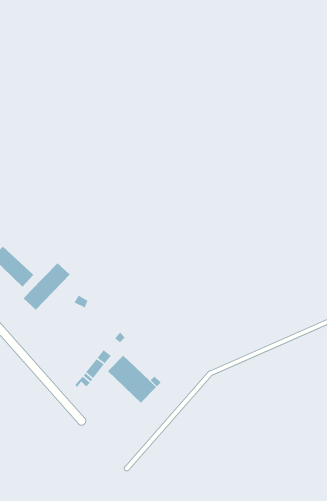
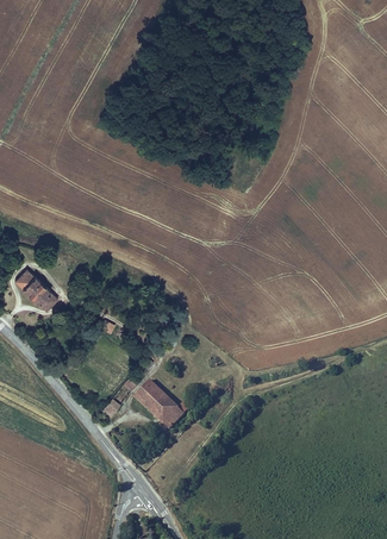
building: [23,262,71,311] -> none

